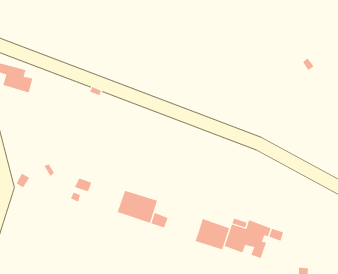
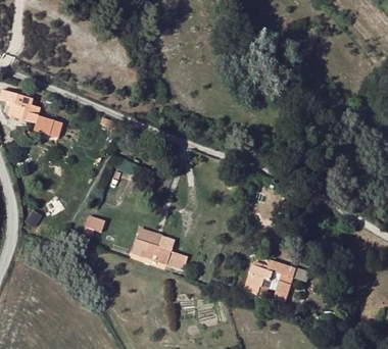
building: none -> [34,116,63,139]
building: [195,218,230,250] -> none

